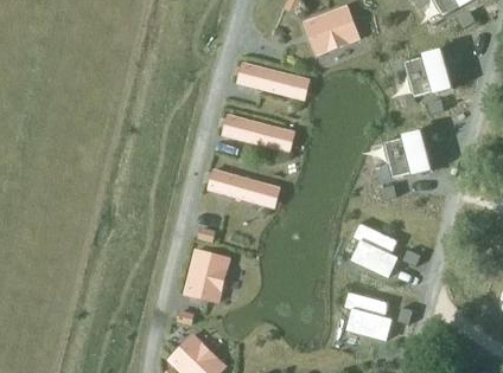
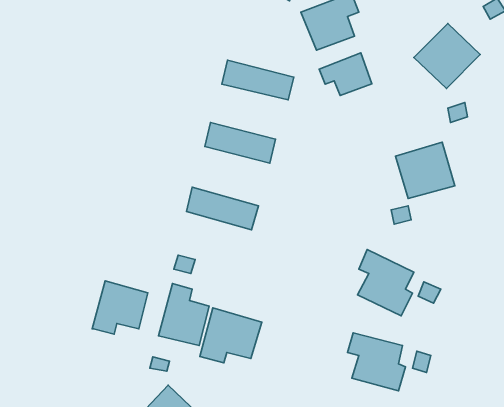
building: none -> [319,53,372,96]
building: none -> [92,281,148,334]
building: none -> [200,308,262,363]

